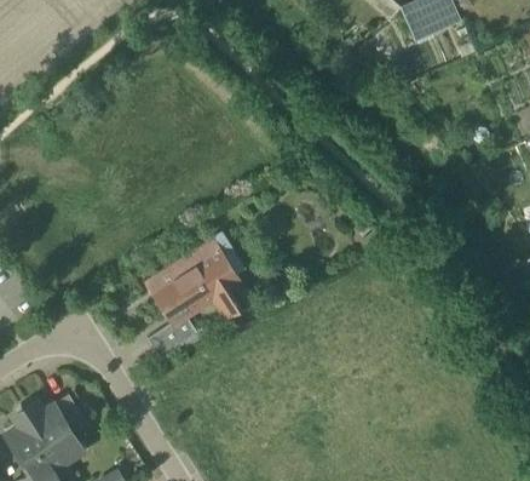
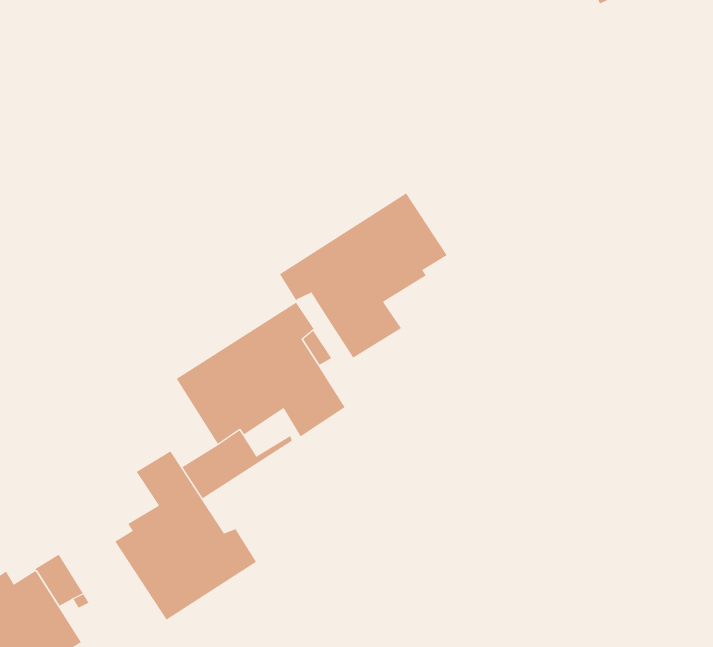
building: none -> [279,192,447,359]
building: none -> [114,451,257,621]

